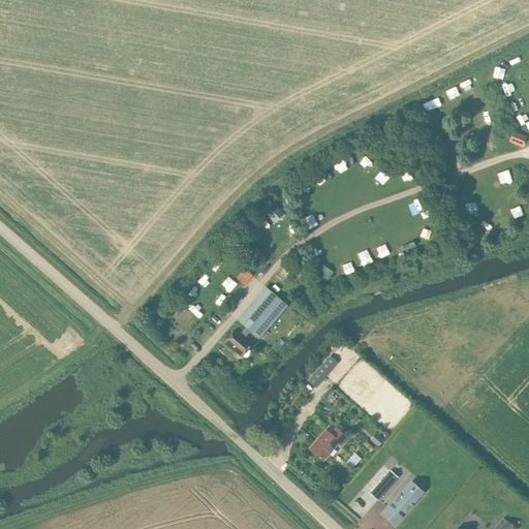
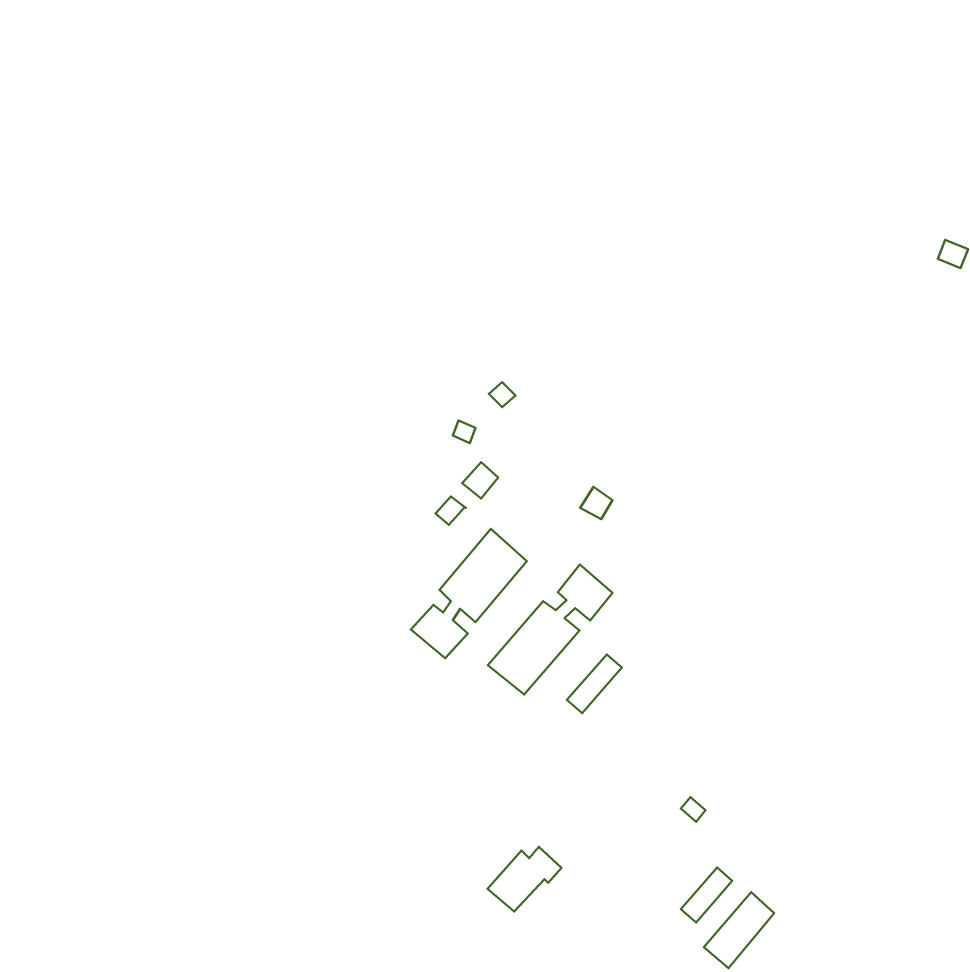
building: none -> [488,564,612,694]
building: [309,427,349,462] -> [487,847,562,912]

